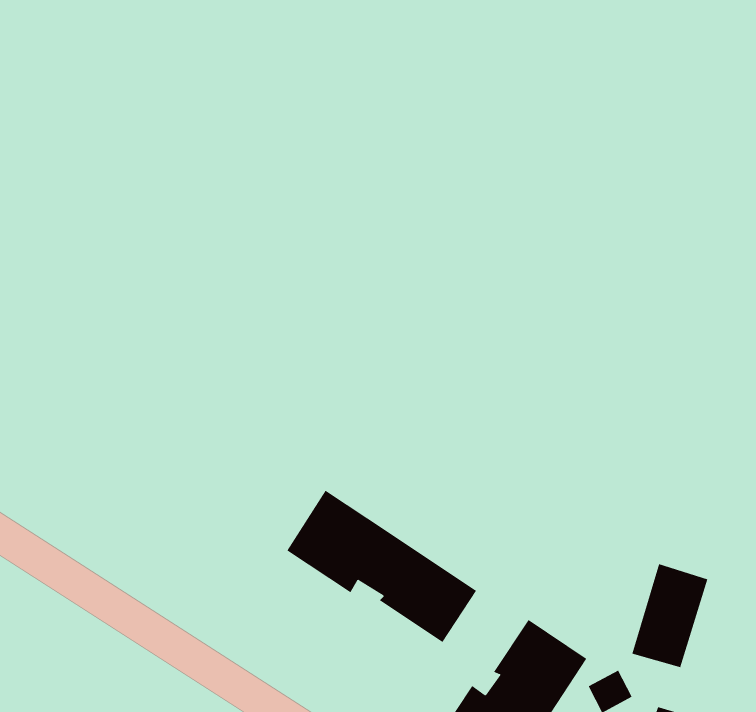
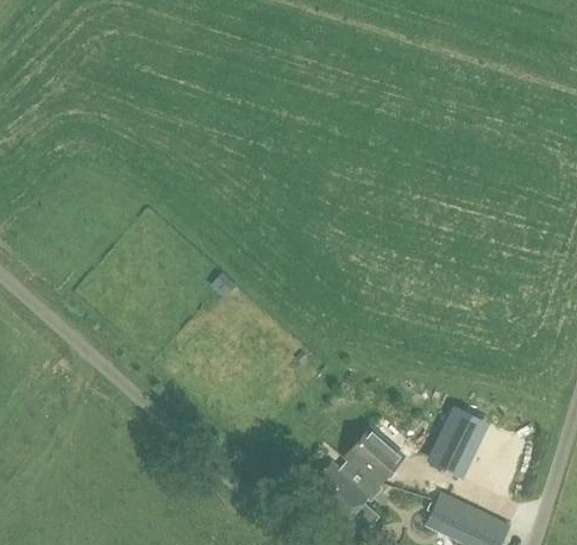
building: [287,490,477,643] -> none

